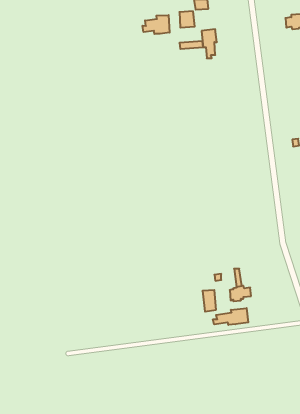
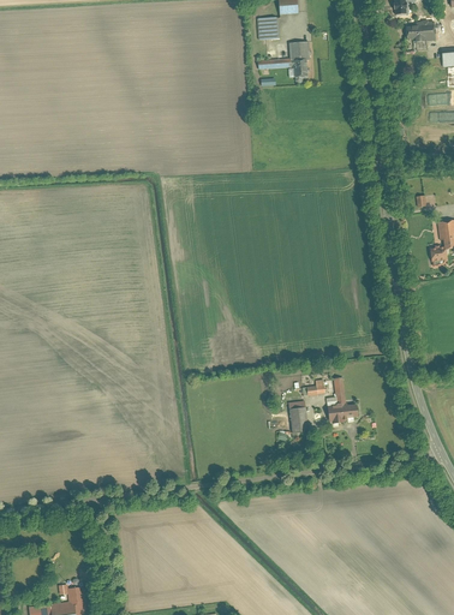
building: [143,15,170,34] -> none
building: [213,308,248,325] -> none

